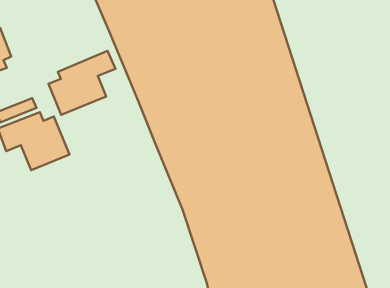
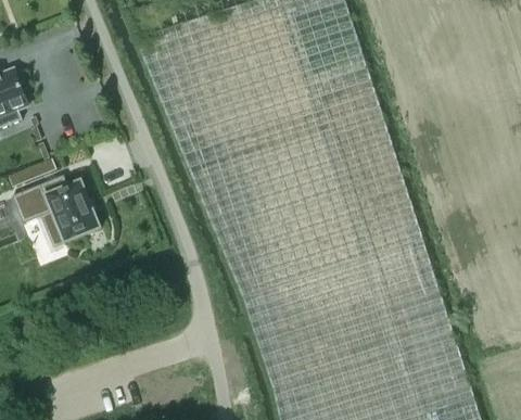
building: [49,51,115,115] -> none

